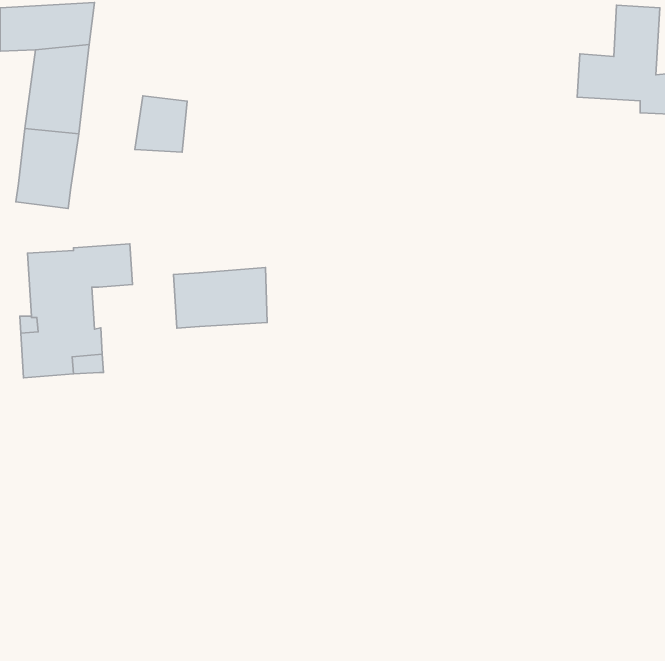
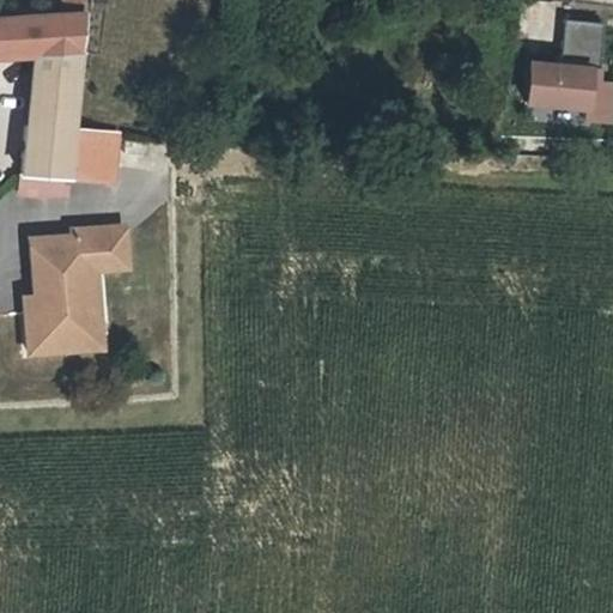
building: [135,96,187,152] -> [69,131,117,182]
building: [173,267,267,328] -> none

